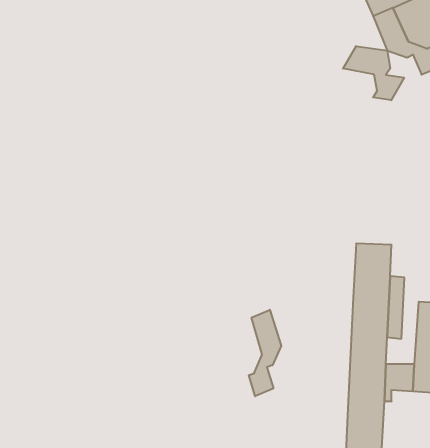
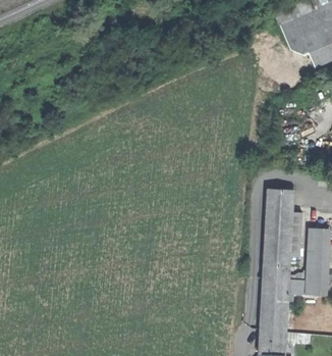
building: [343,46,404,100] -> none
building: [249,310,281,396] -> none

